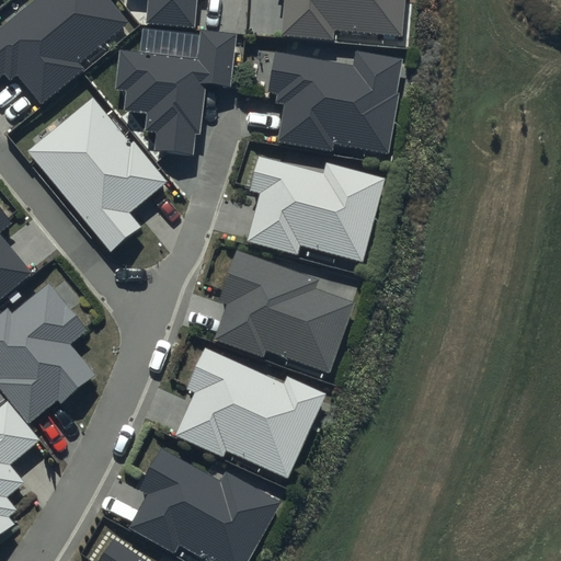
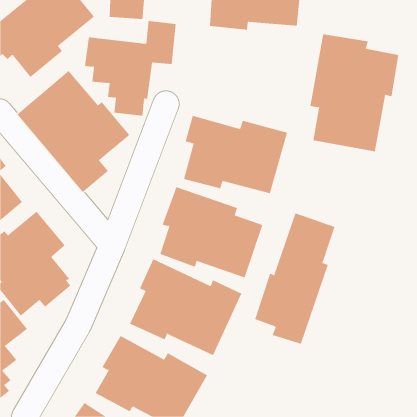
building: none -> [310,34,399,152]
building: [267,49,401,153] -> none
building: none -> [254,213,335,344]

